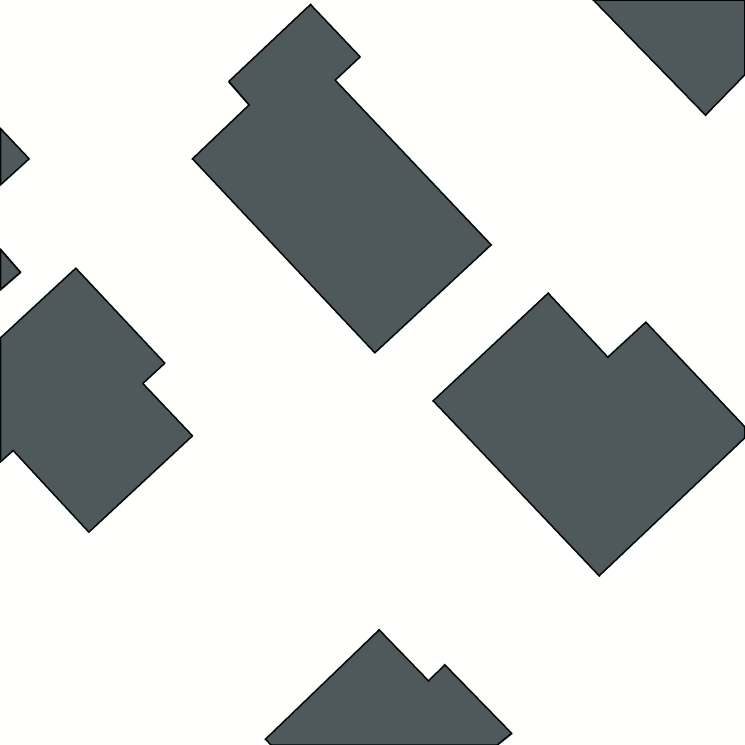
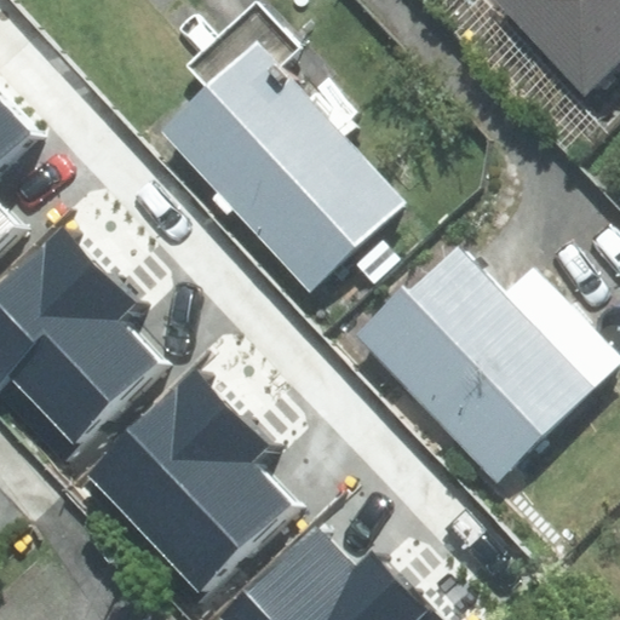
building: none -> [82,367,291,592]

